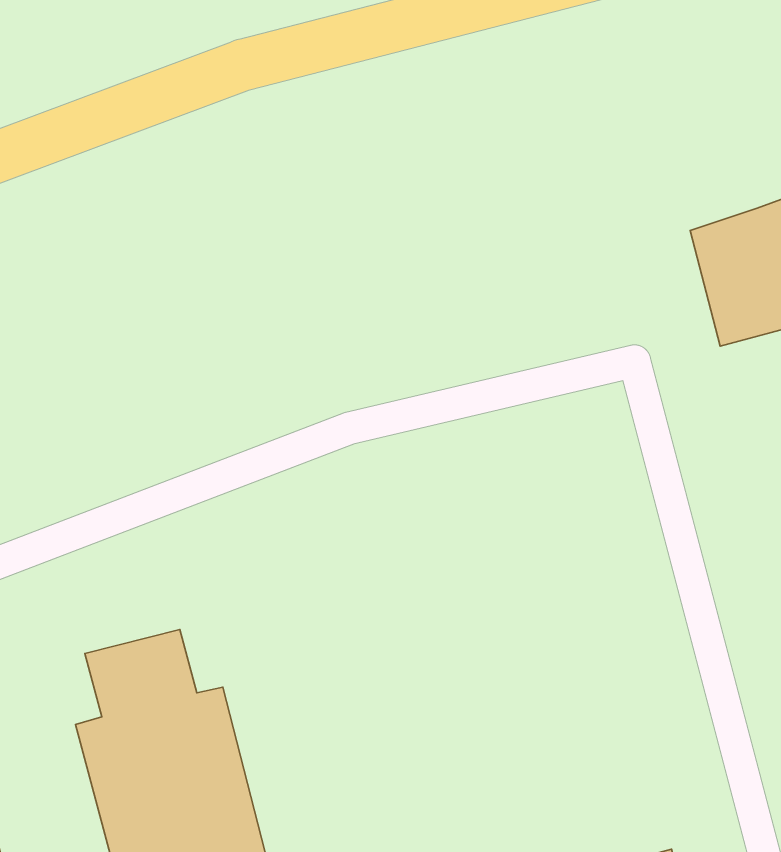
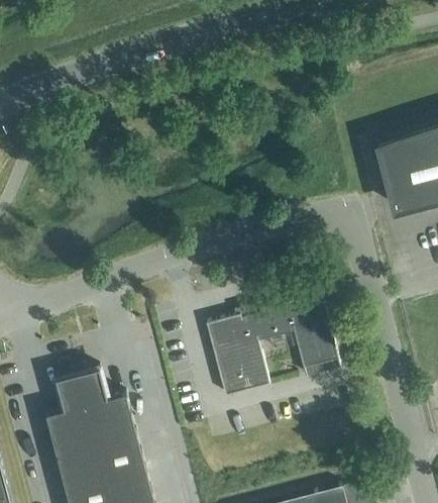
building: none -> [207,296,340,398]

